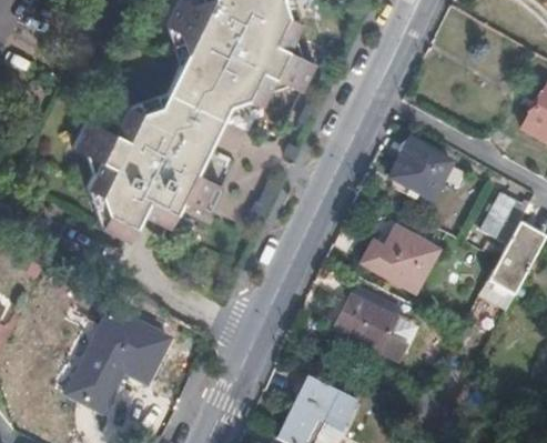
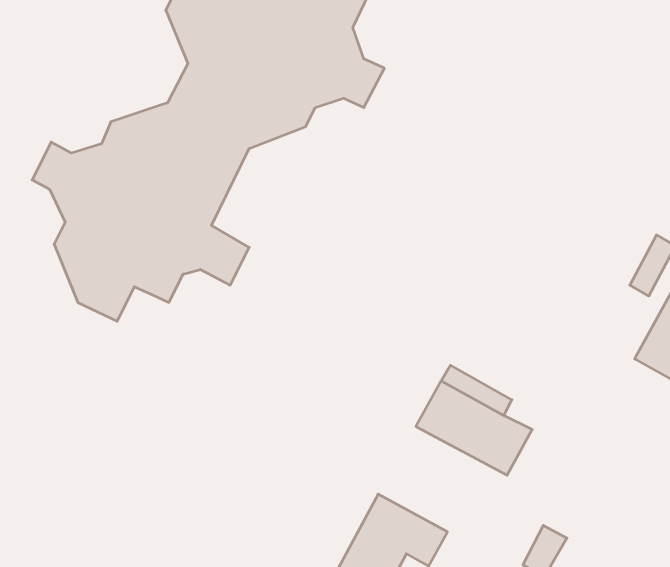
building: [393,139,455,200] -> none
building: [376,228,440,290] -> none
building: [71,311,171,412] -> none

